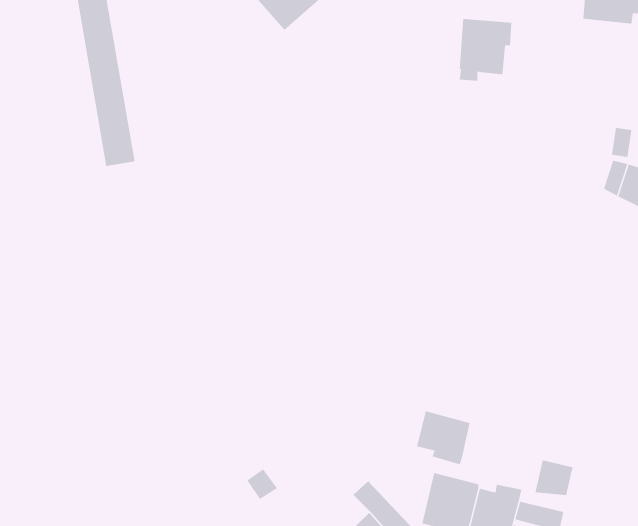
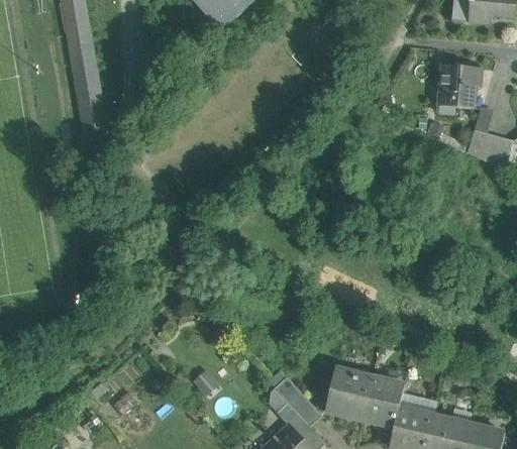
building: [459,18,512,81] -> [438,65,480,113]
building: [416,410,470,465] -> none
building: [535,459,573,496] -> none

